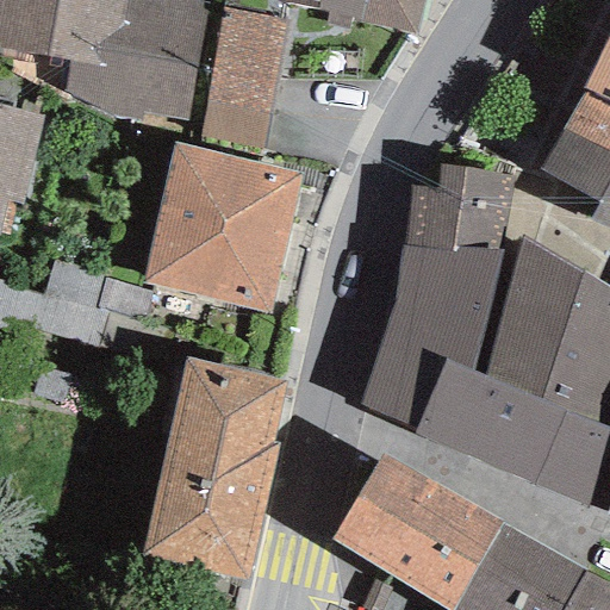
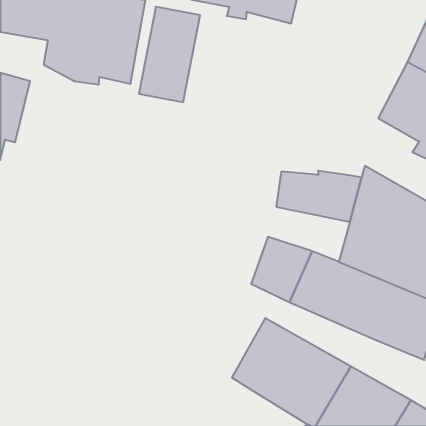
building: [143,143,300,310] -> none
building: [403,162,513,250] -> none
building: [384,294,500,373] -> none
building: [143,356,286,580] -> none

